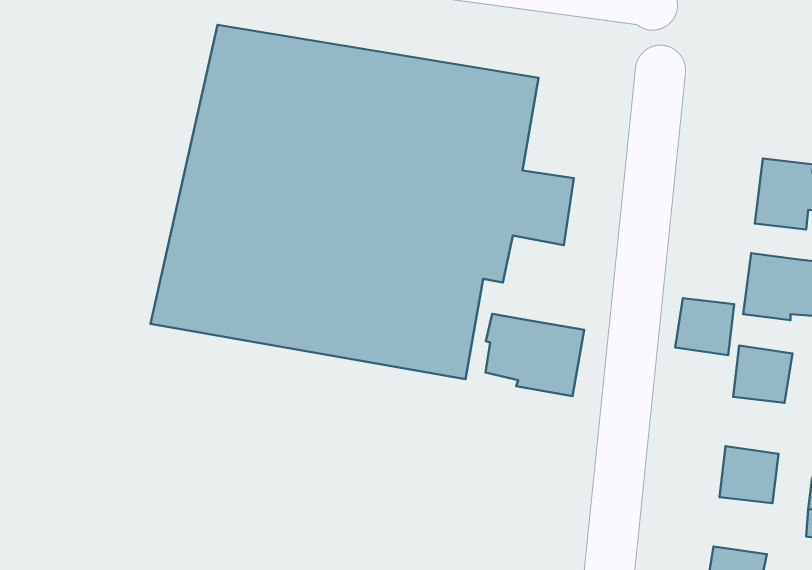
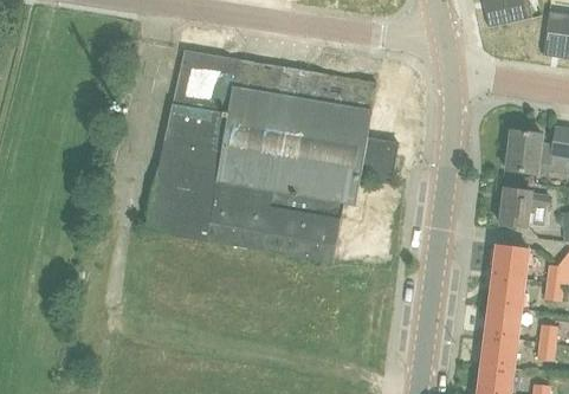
building: [675,298,734,355] -> [489,273,524,308]
building: [485,314,584,396] -> none
building: none -> [481,334,517,368]

